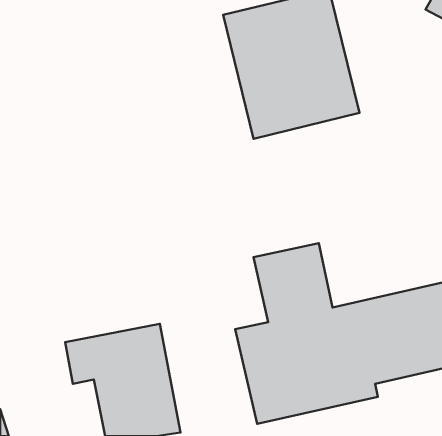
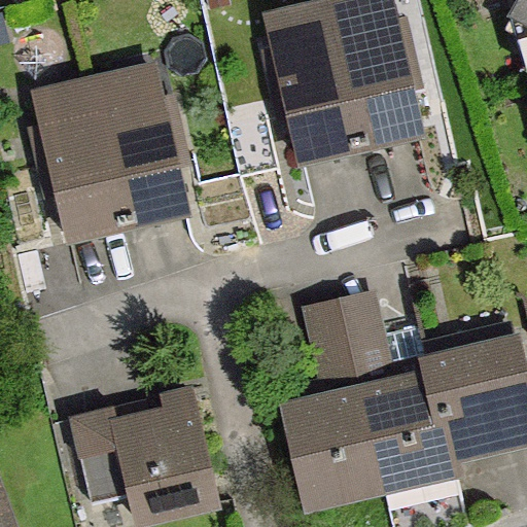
building: none -> [31,70,188,242]

